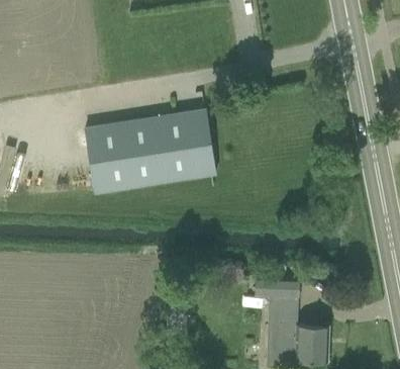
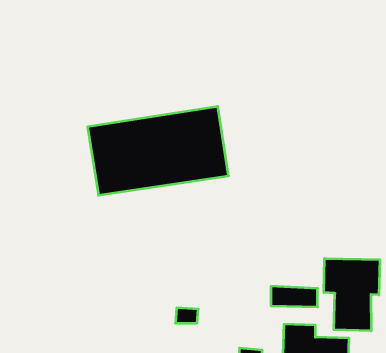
building: none -> [324,258,380,331]

